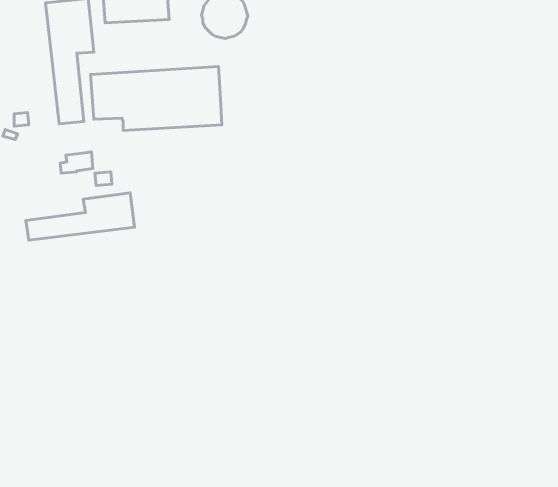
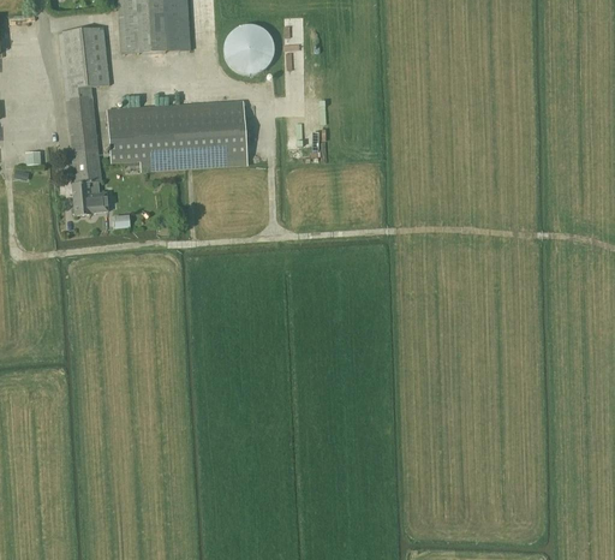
building: none -> [71,160,101,204]
building: [26,193,135,240] -> none

